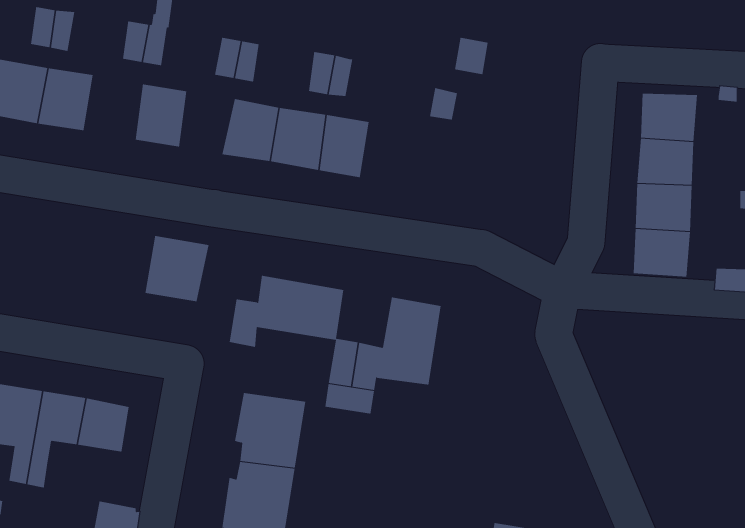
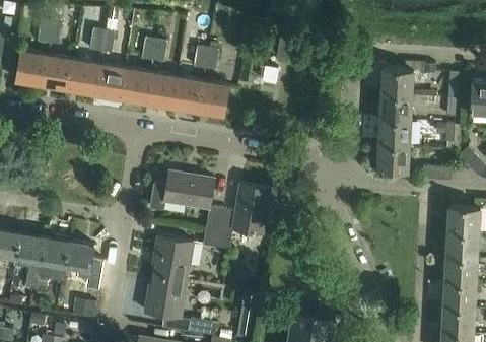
building: none -> [68,59,100,95]
building: none -> [122,68,152,104]
building: [145,235,209,302] -> none

